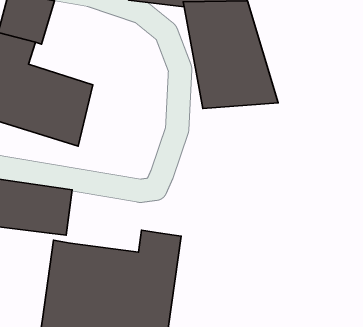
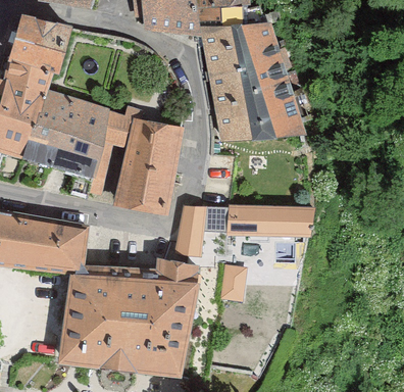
building: none -> [90,108,180,211]
building: none -> [176,205,312,253]
building: none -> [219,265,248,302]

